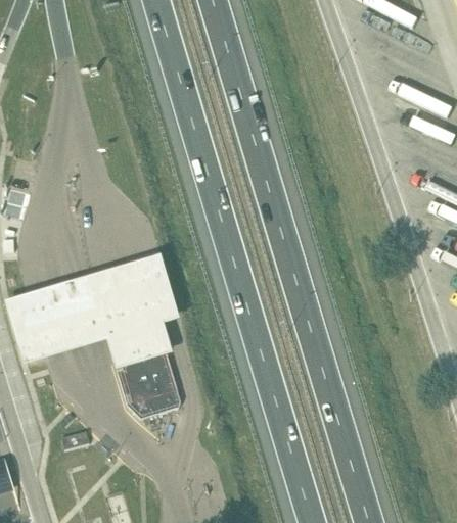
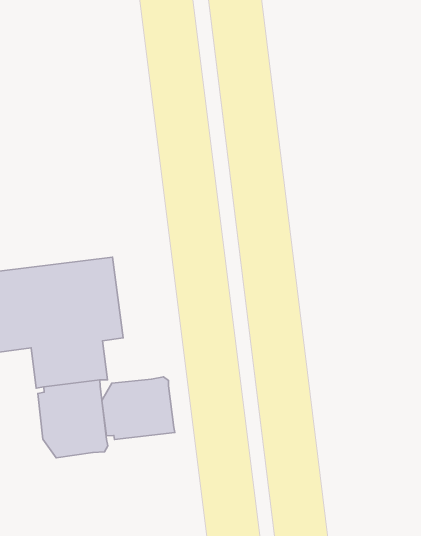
building: none -> [102,377,175,440]

